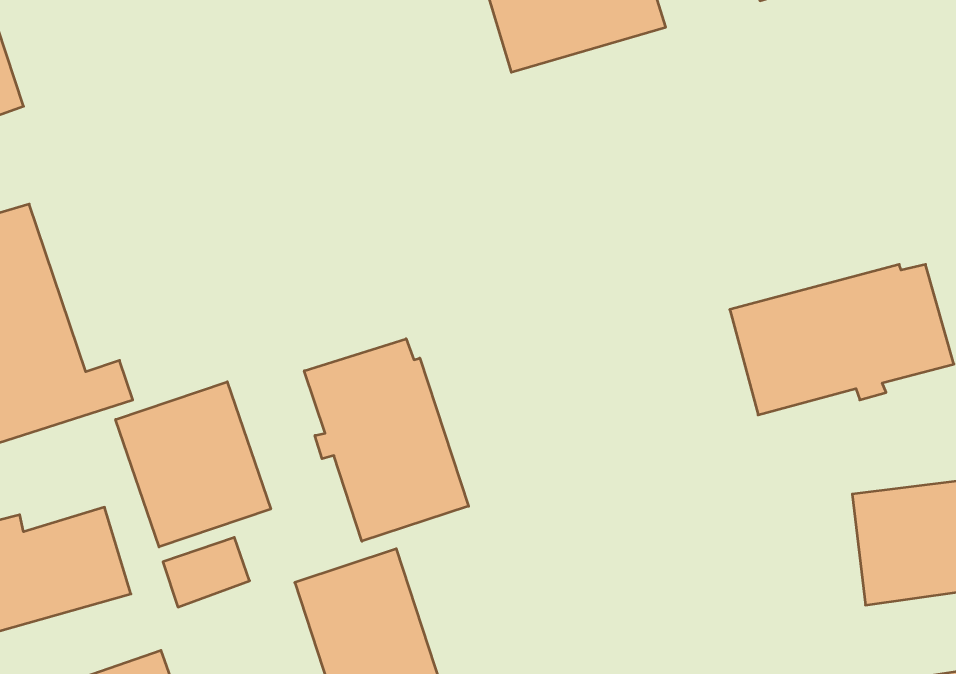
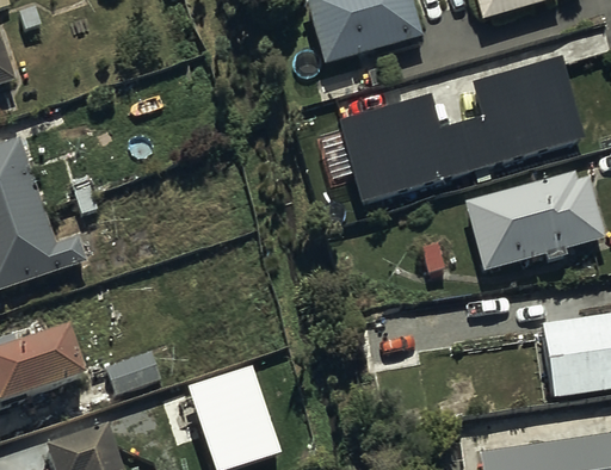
building: none -> [339,60,585,205]
building: [304,339,469,541] -> none
building: [116,382,271,547] -> none

